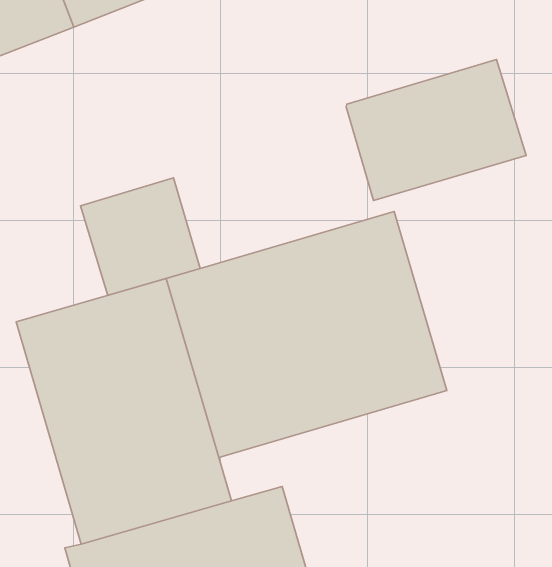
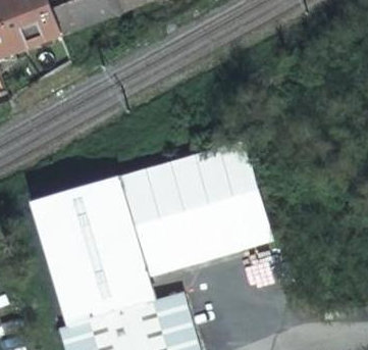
building: [346,59,526,201] -> none
building: [80,178,200,295] -> none

